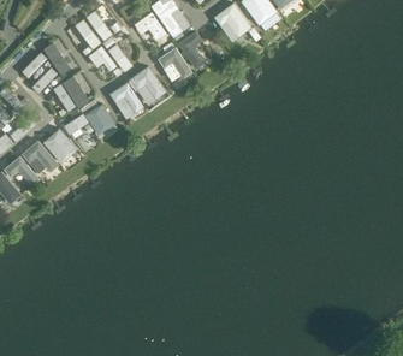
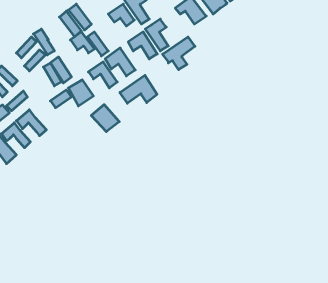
building: none -> [163,37,195,70]
building: none -> [120,75,157,103]
building: [43,126,77,159] -> [91,105,119,132]

